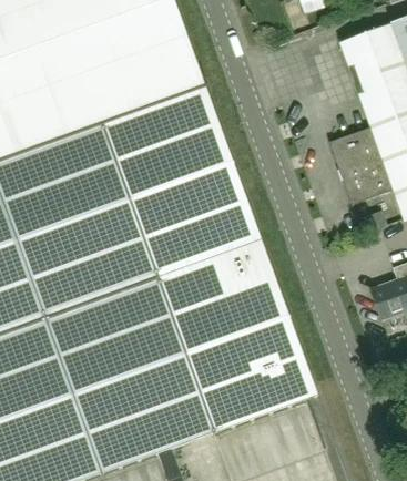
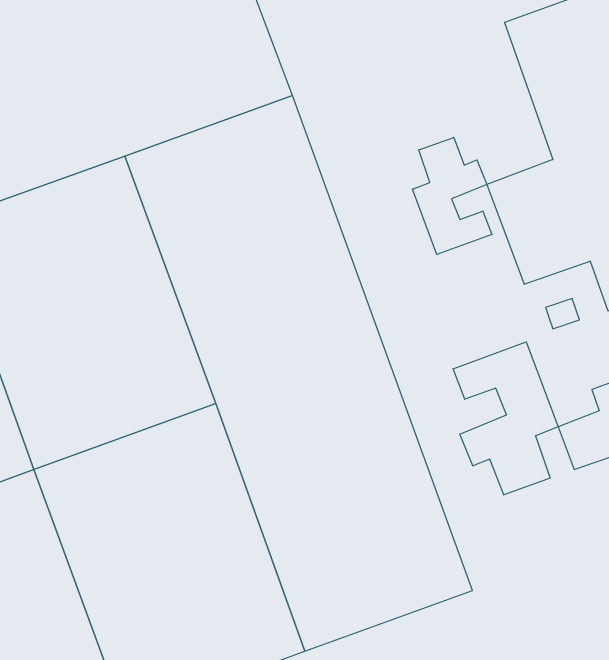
building: none -> [413,137,492,254]
building: none -> [453,342,558,495]

